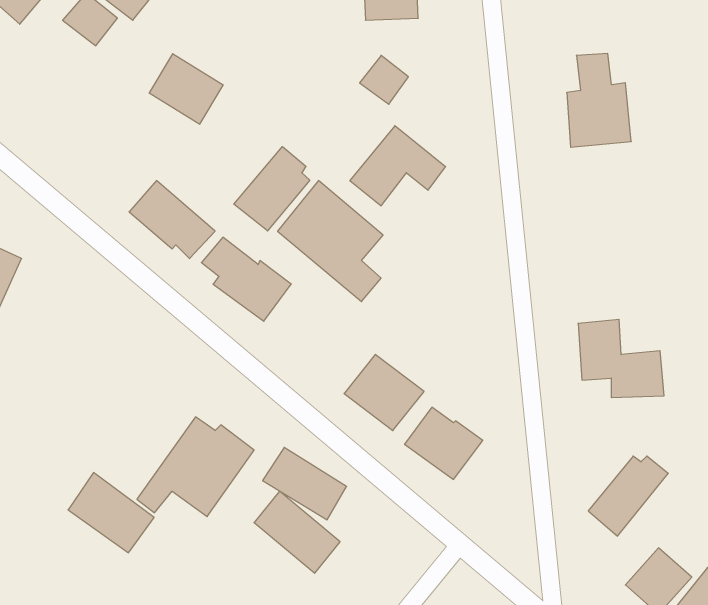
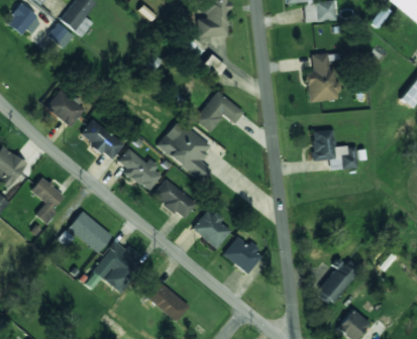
building: [149,54,223,124] -> [46,90,85,126]
building: [234,147,310,231] -> none
building: none -> [31,177,67,223]
building: [578,319,664,398] -> [313,129,357,170]
building: [263,447,347,520] -> [153,181,197,218]
building: [68,473,154,553] -> [68,211,112,252]

